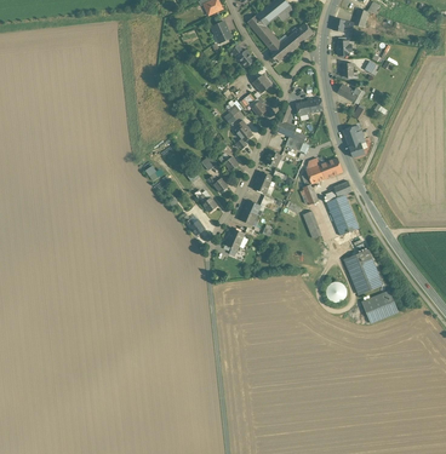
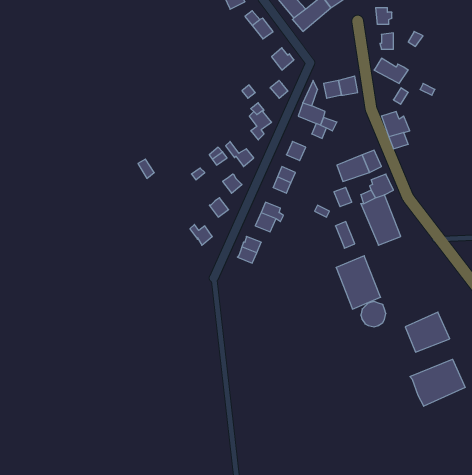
building: [344,249,381,293] -> [336,256,381,309]
building: none -> [410,359,465,406]

